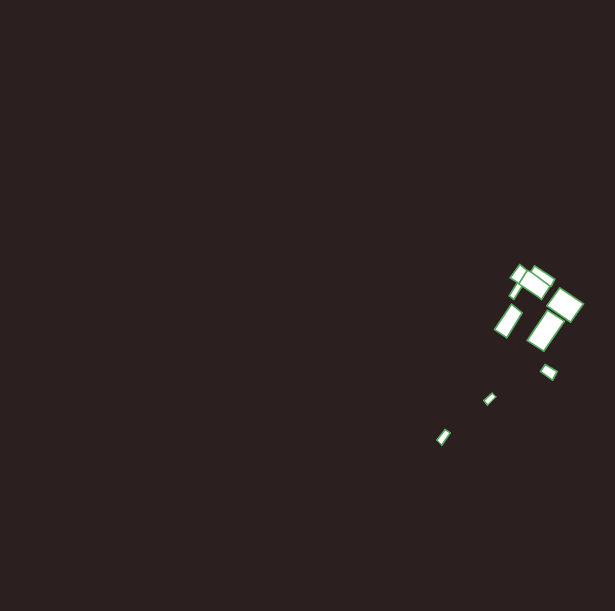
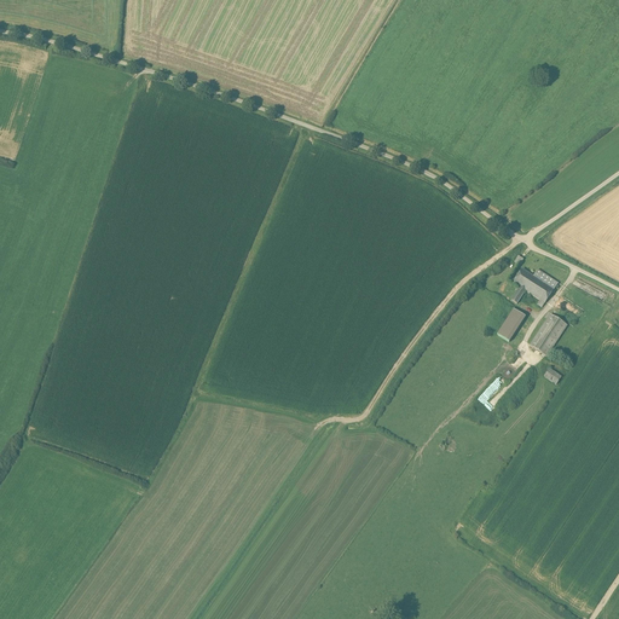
building: [547,288,584,322] -> none

